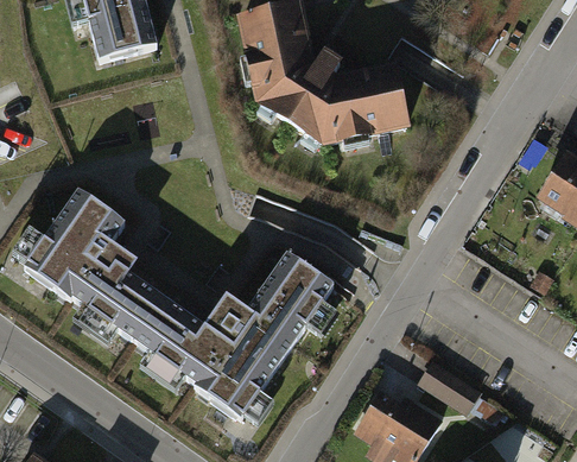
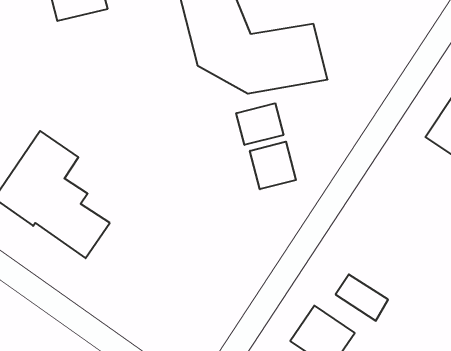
building: none -> [236,103,283,145]
building: none -> [250,142,296,189]
building: [129,253,334,419] -> none

